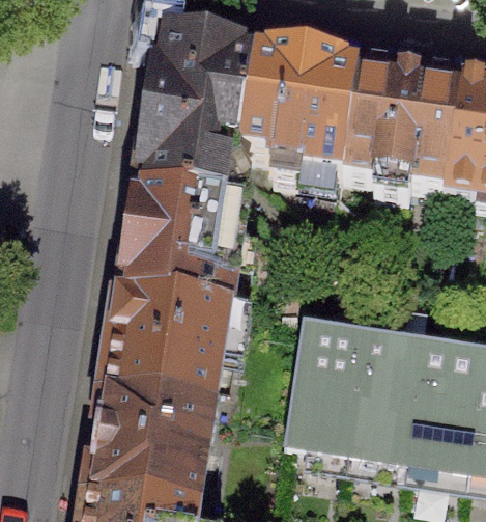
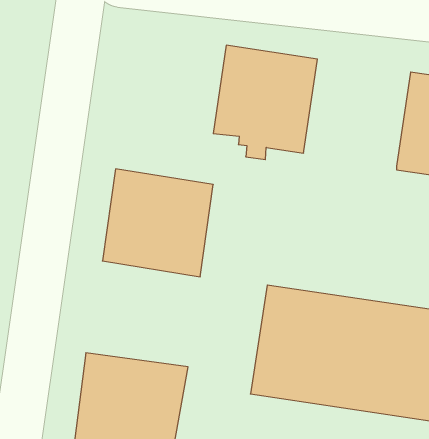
building: [133,38,256,209] -> none
building: [342,68,461,194] -> none
building: [99,294,227,412] -> none

